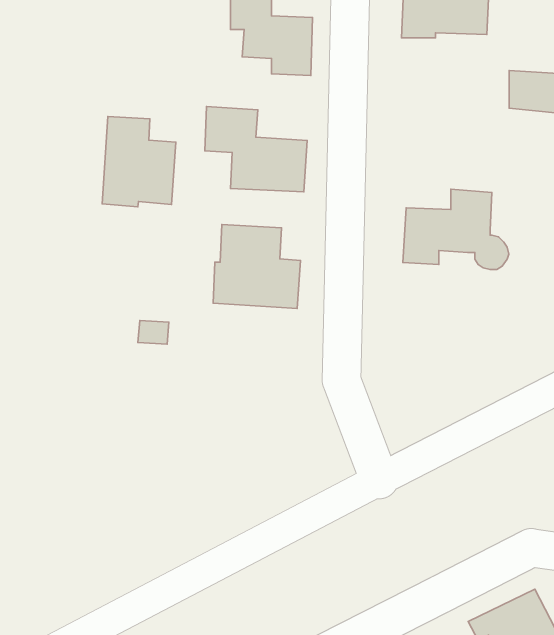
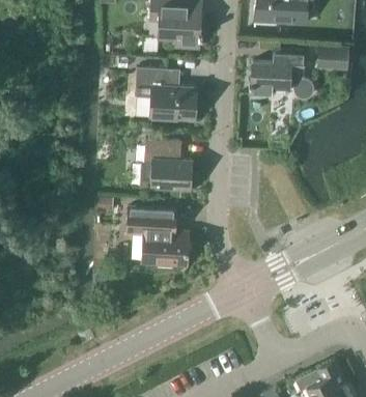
building: [102,116,176,207] -> none
building: [403,189,509,269] -> [250,50,314,98]
building: none -> [124,207,189,268]

